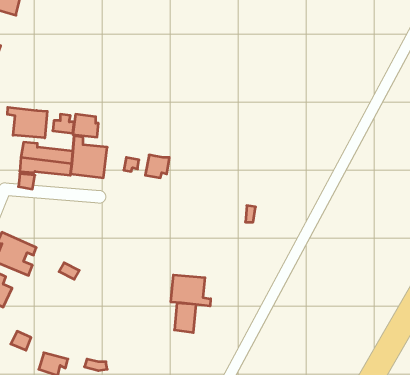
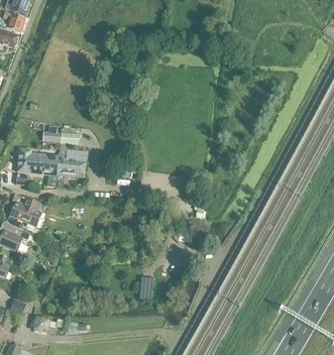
building: [7,107,47,138] -> none
building: none -> [8,193,43,226]
building: [171,275,211,306] -> none

